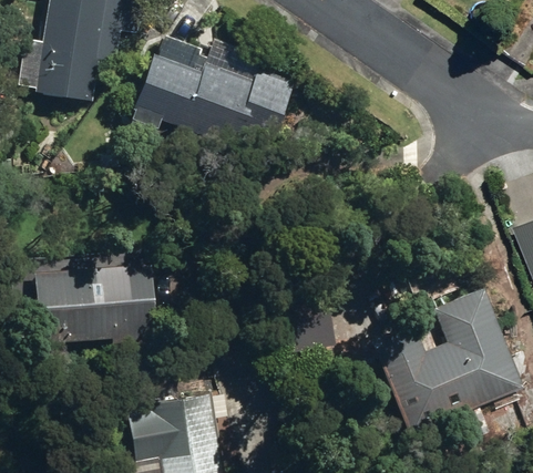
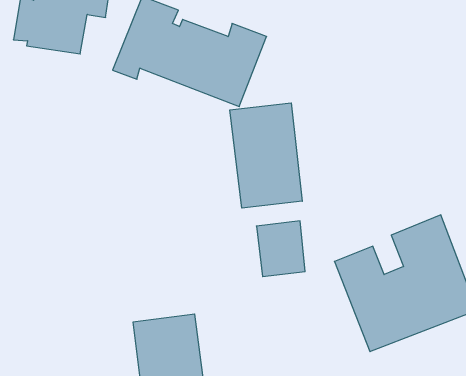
building: none -> [230,103,302,208]
building: [28,259,156,335] -> none

